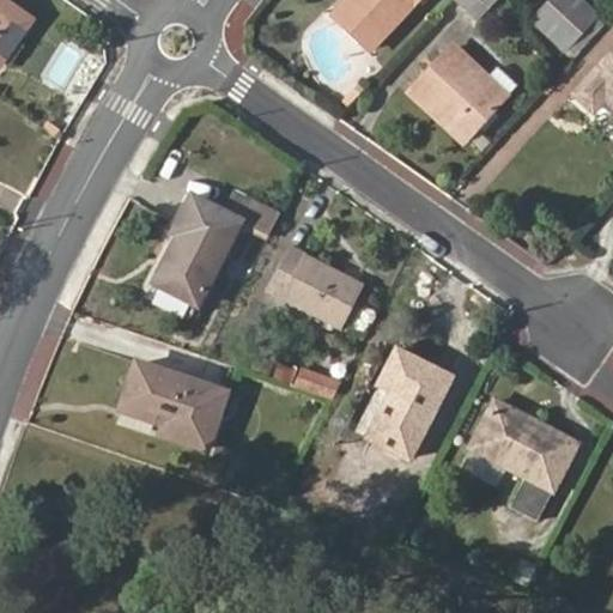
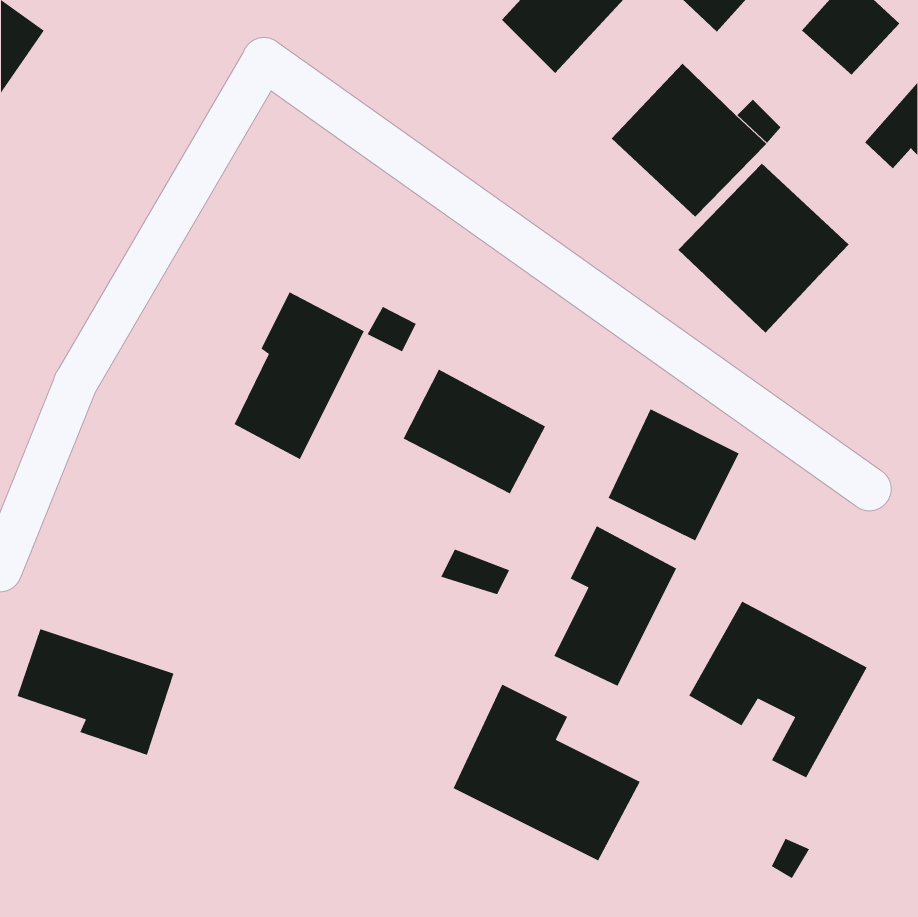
building: none -> [678,163,850,333]
building: none -> [608,408,740,542]
building: [121,363,226,448] -> [16,628,175,756]
building: none -> [453,683,641,862]

